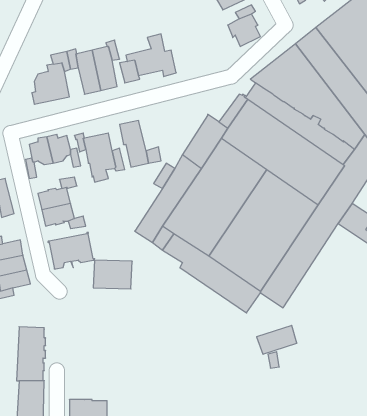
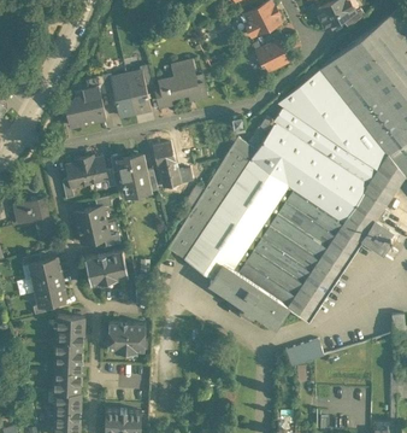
building: [93,260,132,289] -> [107,323,144,351]
building: none -> [55,317,83,344]

